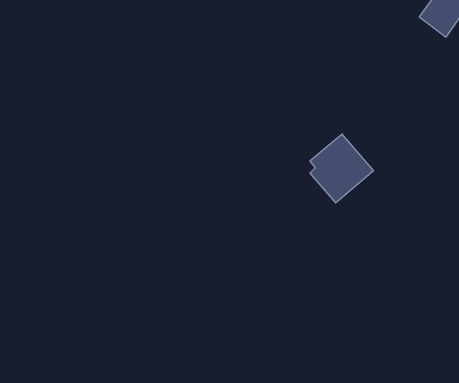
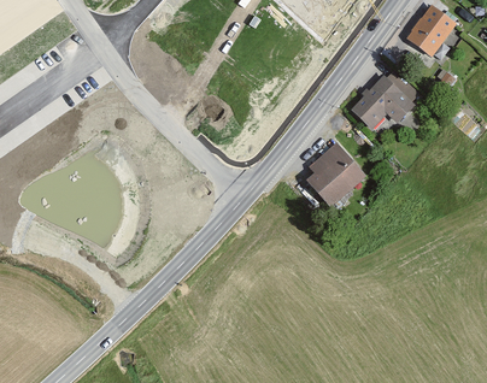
building: none -> [352,75,416,128]

